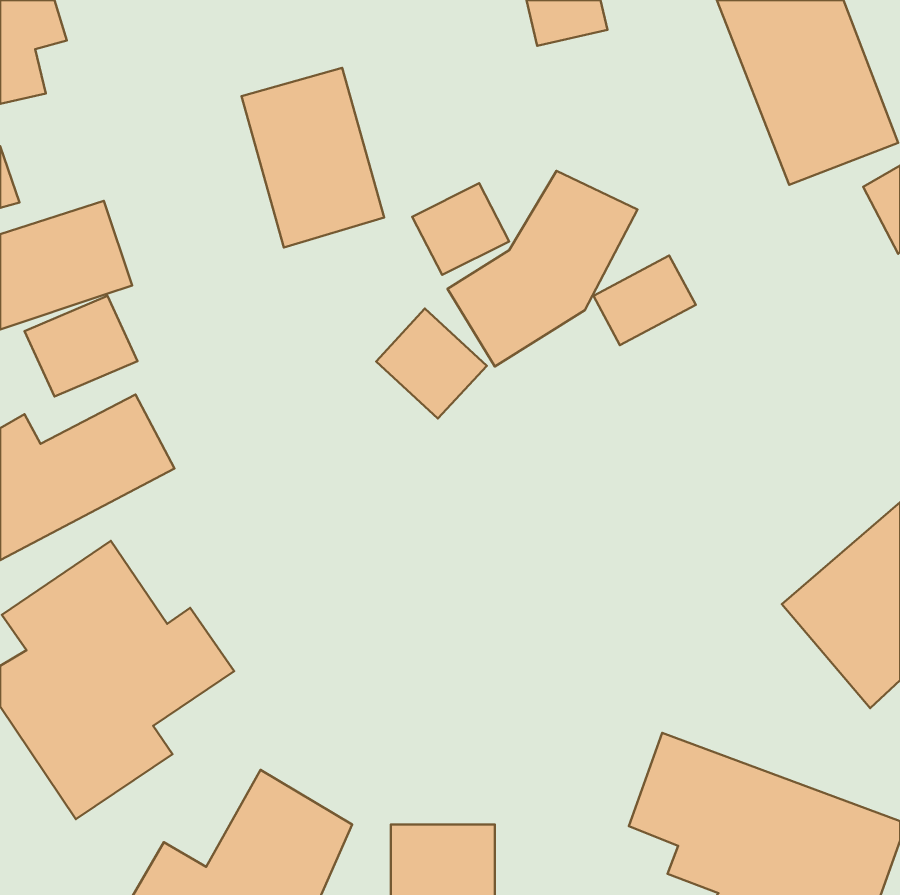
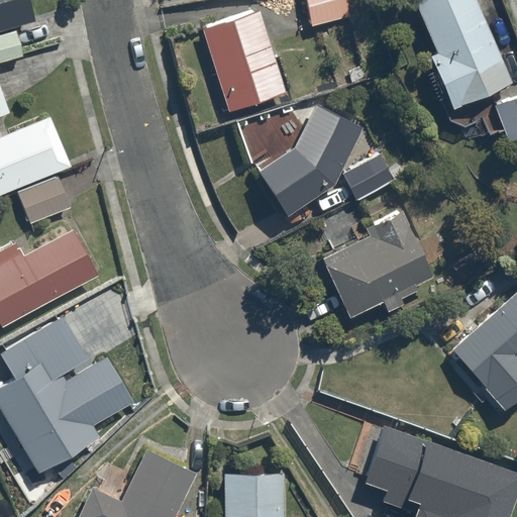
building: [242,68,384,248] -> [202,11,284,114]
building: [376,309,487,419] -> none
building: none -> [323,207,433,318]

